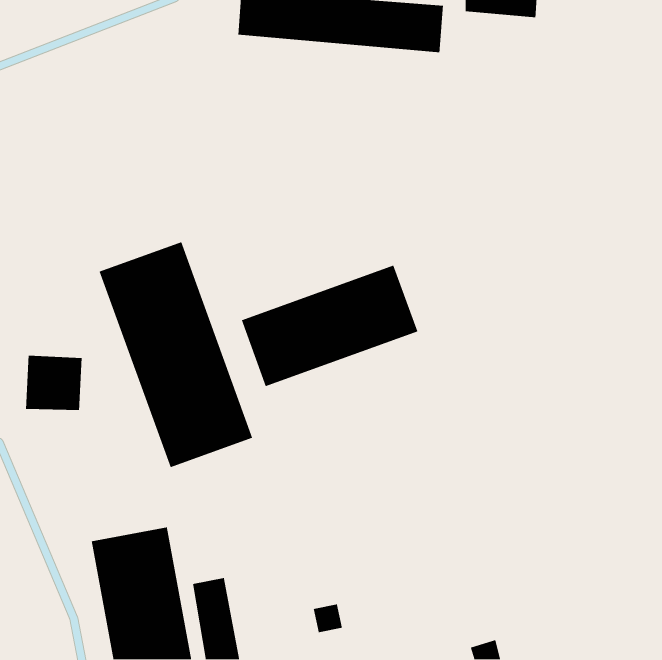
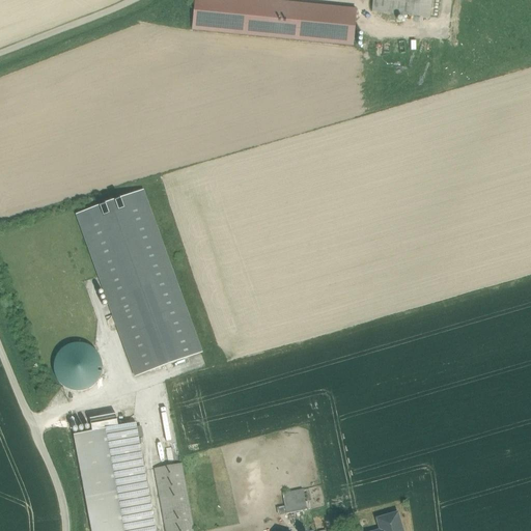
building: [241,265,418,387] -> none
building: [25,355,82,411] -> [53,342,99,387]
building: [313,603,343,633] -> [281,488,305,512]

